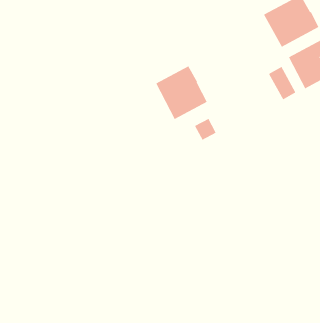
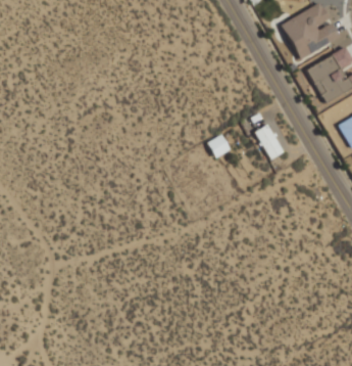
building: [155,66,208,120] -> none
building: [268,66,296,100] -> [254,124,284,159]

